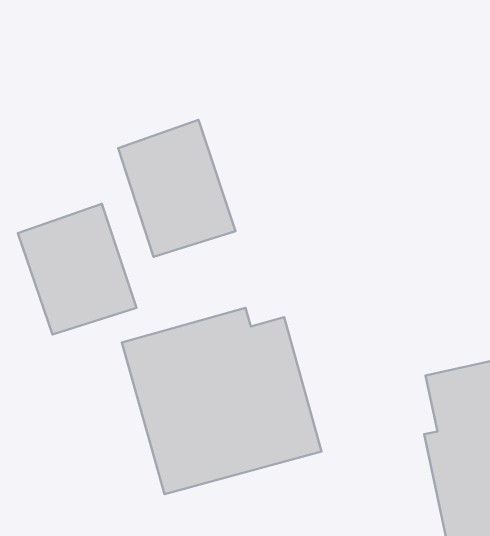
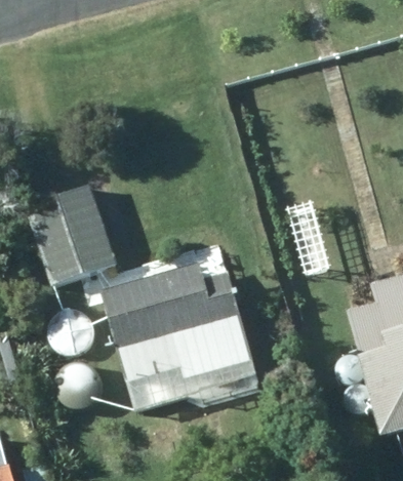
building: [118,120,236,257] -> none

